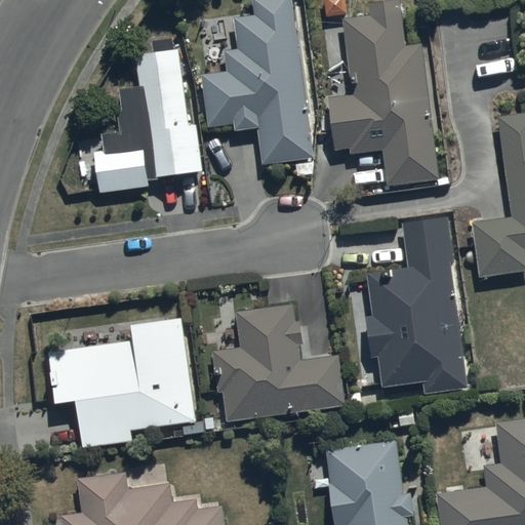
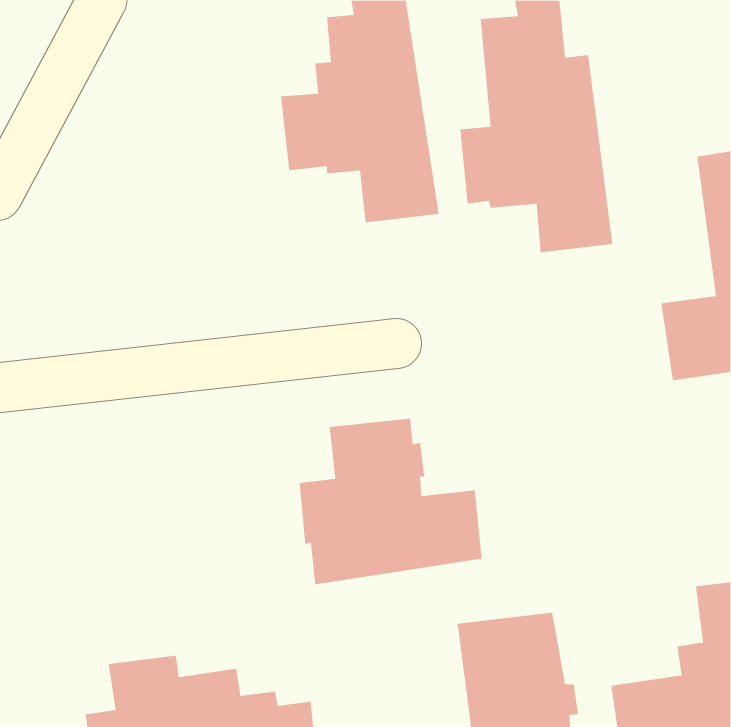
building: [95,37,201,193] -> none
building: [366,217,467,393] -> none
building: [48,314,198,449] -> none

